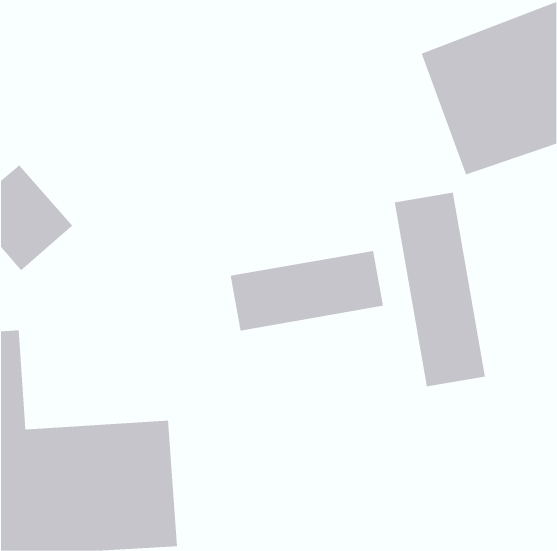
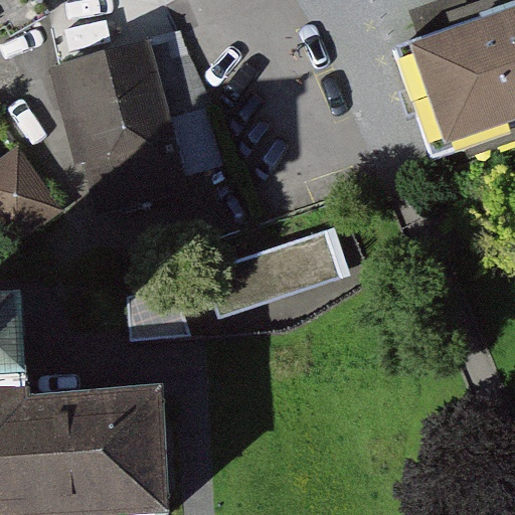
building: none -> [57,39,193,218]
building: [394,192,486,387] -> none

